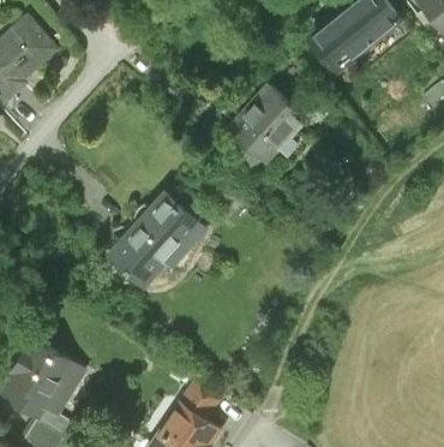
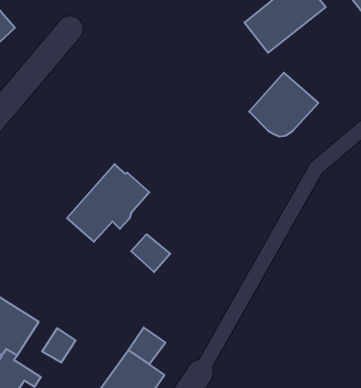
building: [228,88,305,159] -> [249,73,318,136]
building: none -> [131,234,170,272]
building: none -> [42,328,76,363]

